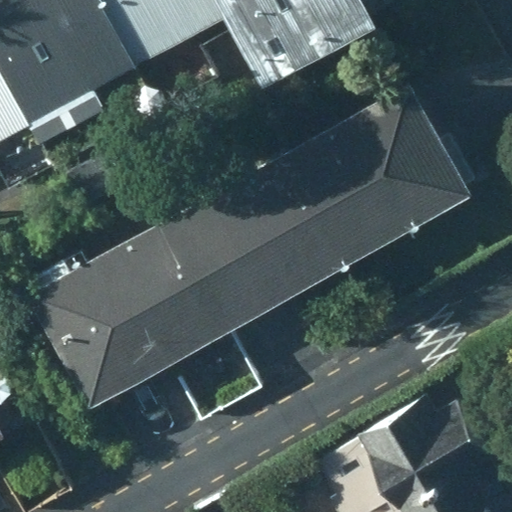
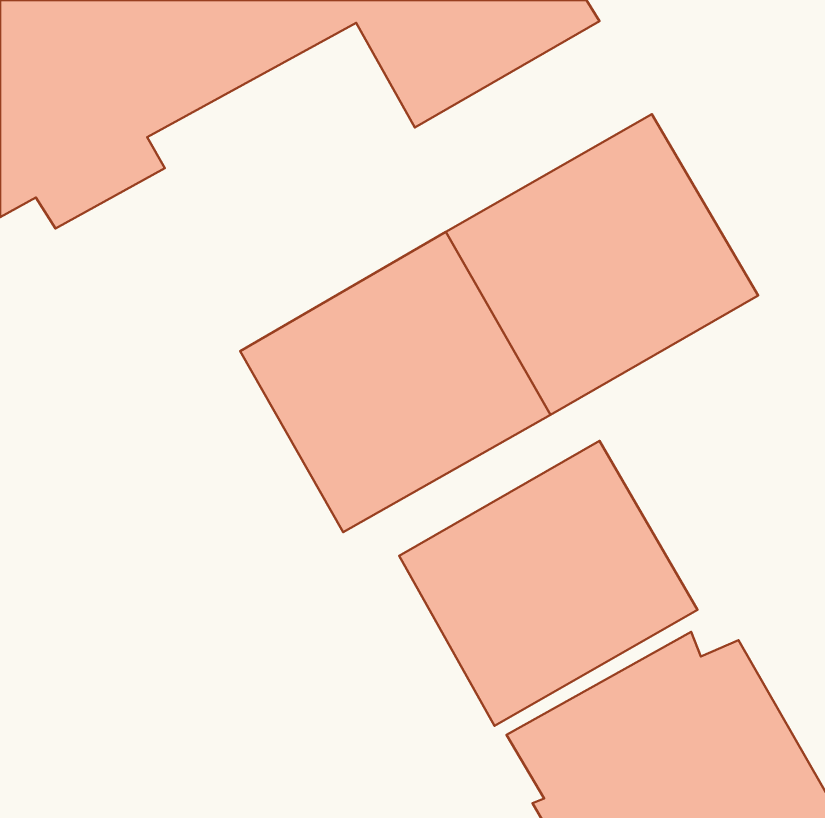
building: [27,225,216,409] -> none
building: none -> [399,441,697,726]

